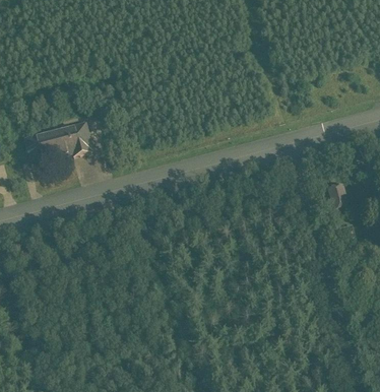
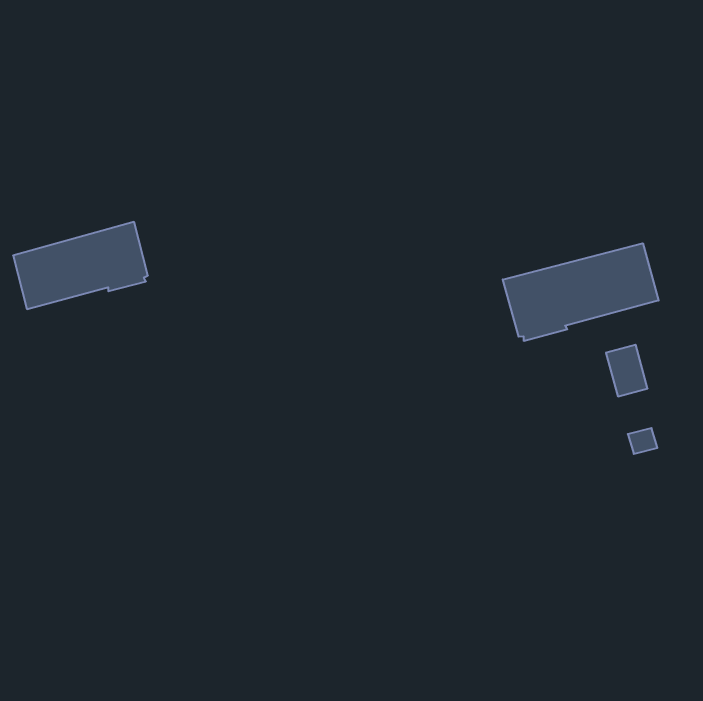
building: none -> [503,243,659,341]

